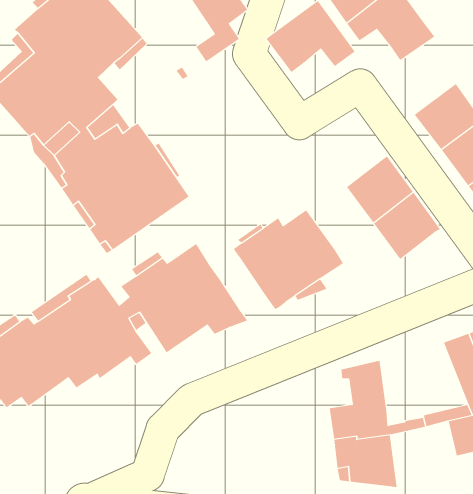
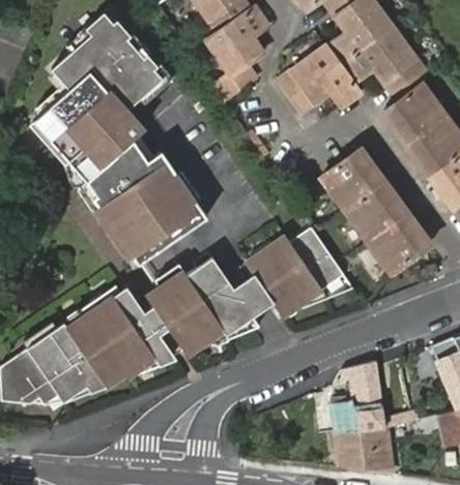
building: none -> [384,86,444,145]
building: none -> [322,150,383,209]
building: none -> [235,275,274,319]

